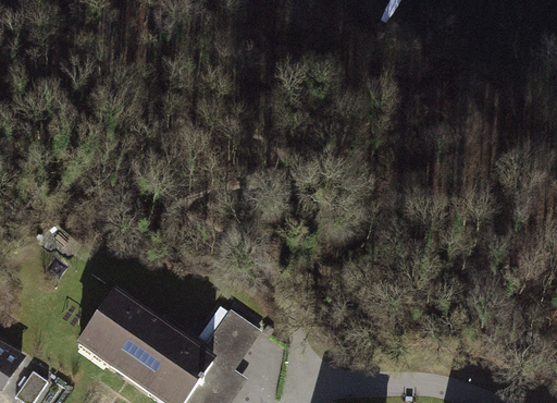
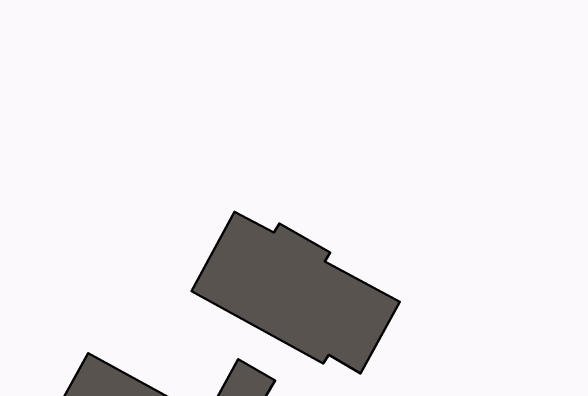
building: none -> [191,212,400,374]

